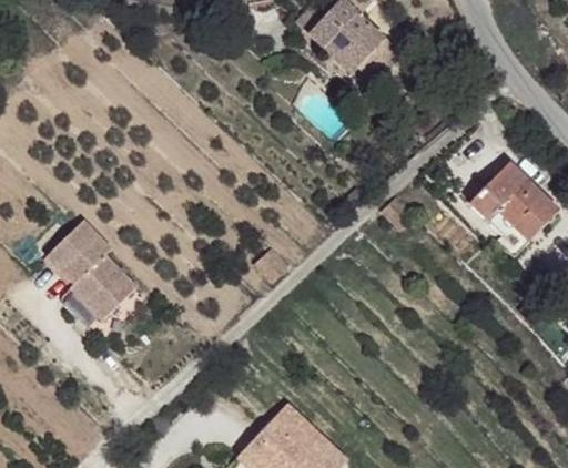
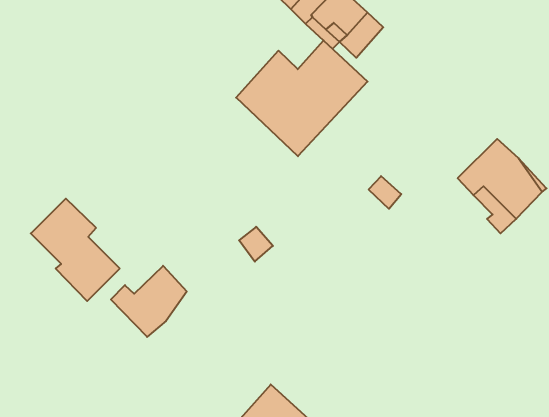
building: none -> [236,40,368,156]
building: none -> [111,266,187,337]

